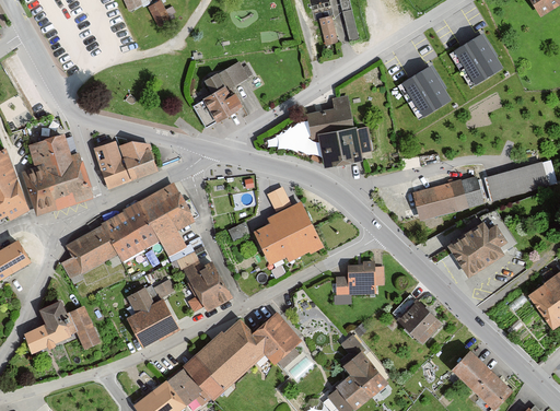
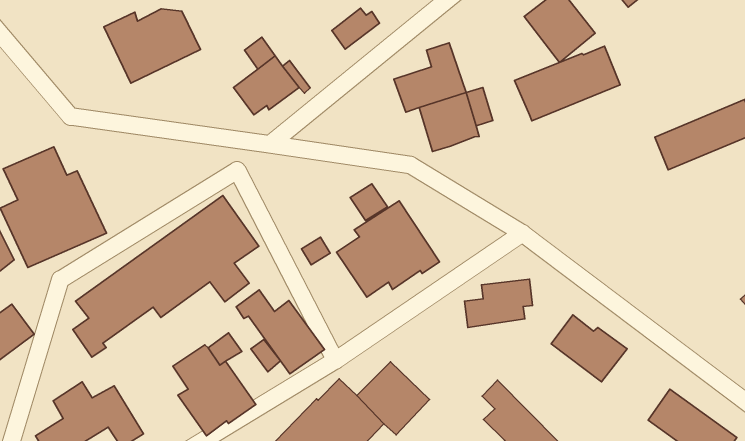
building: [217,61,250,89] -> [332,8,380,49]
building: [94,139,160,188] -> [104,9,201,83]
building: [409,175,482,221] -> [514,46,620,121]
building: [444,221,505,279] -> none

